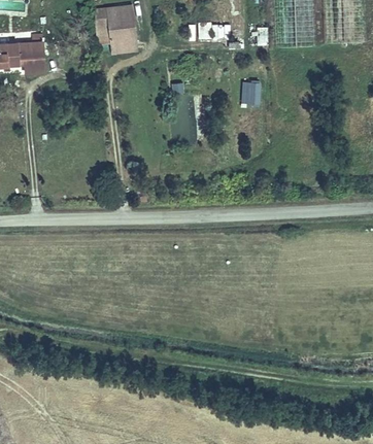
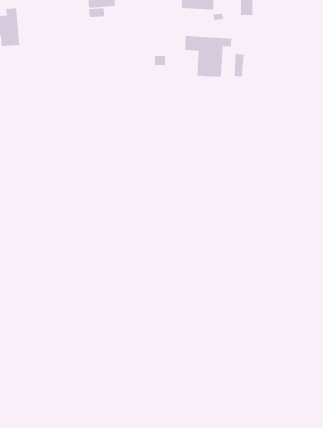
building: none -> [185,35,232,77]

